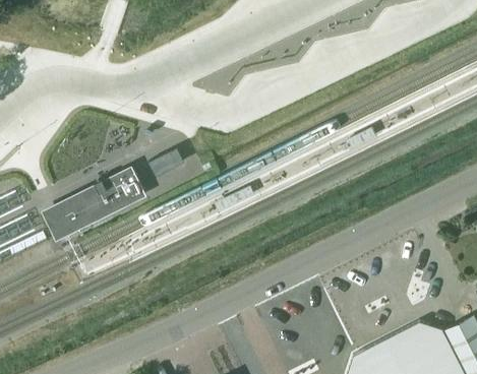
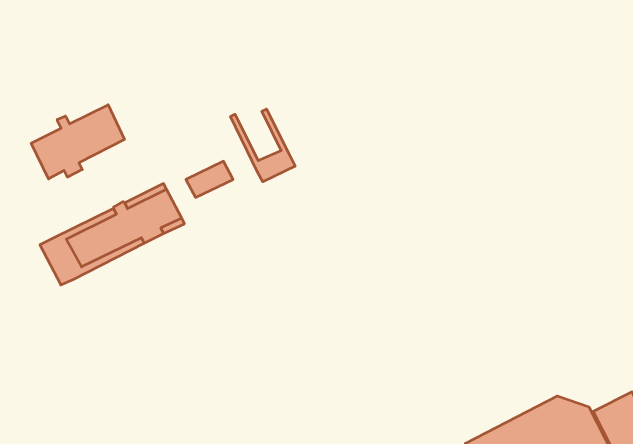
building: none -> [31,105,124,179]
building: none -> [231,109,295,182]

